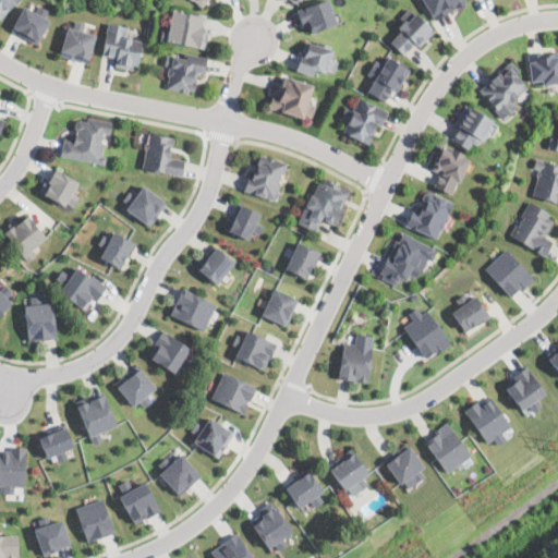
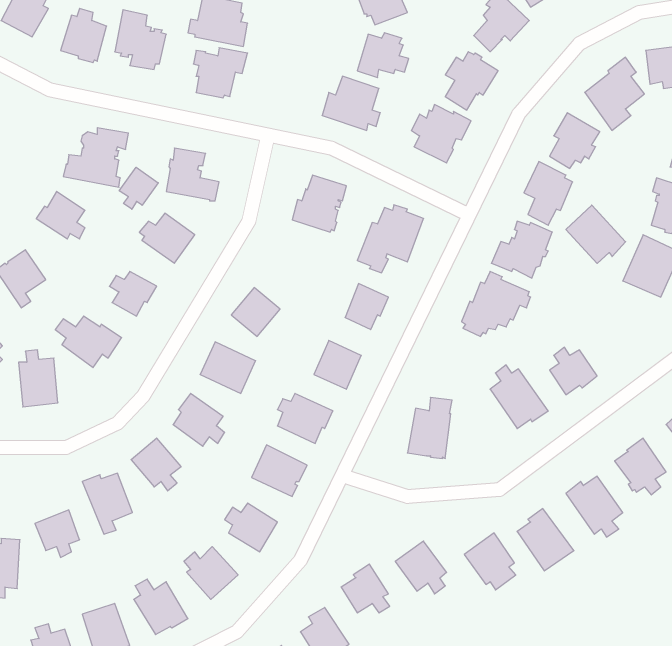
building: none -> [119,167,158,209]
building: [227,204,264,241] -> none
building: [486,251,534,298] -> [566,205,626,263]

